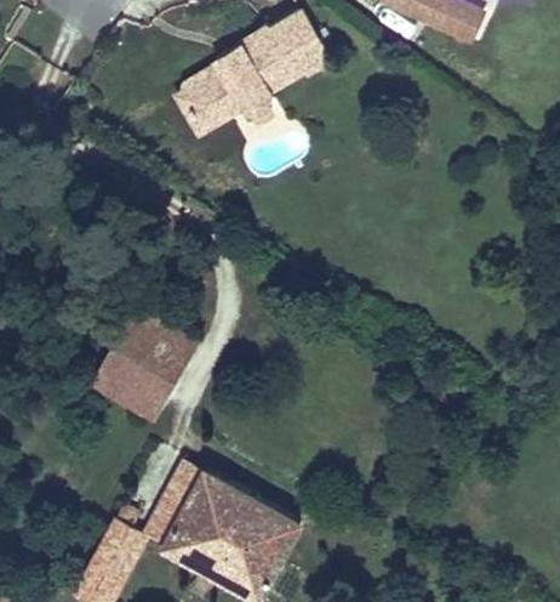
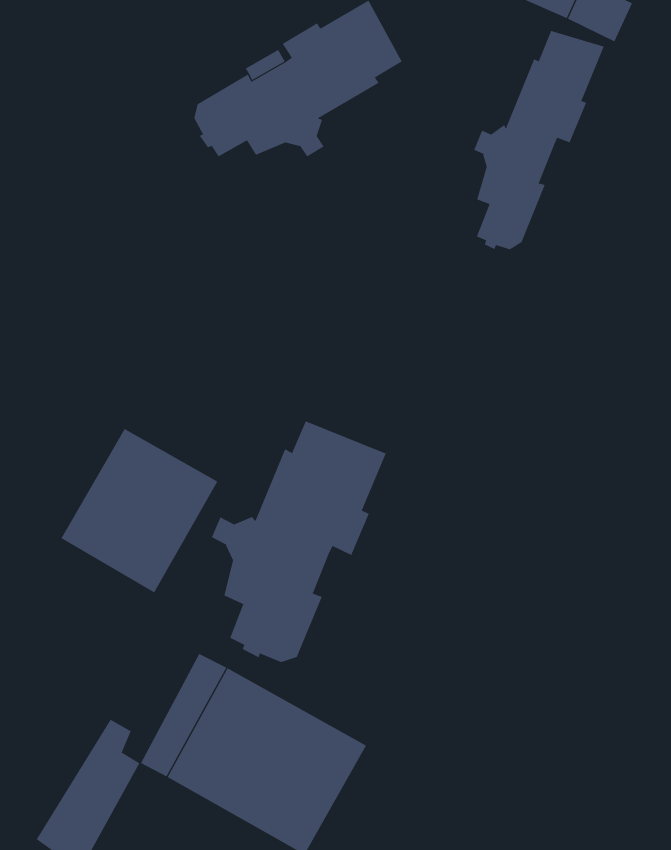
building: none -> [473,30,604,250]
building: none -> [211,421,386,663]

